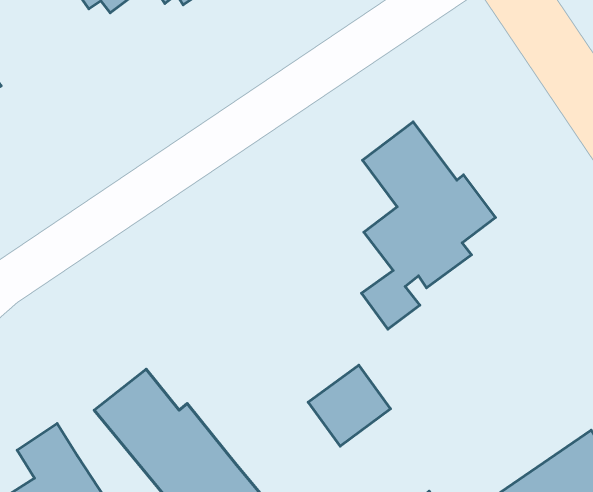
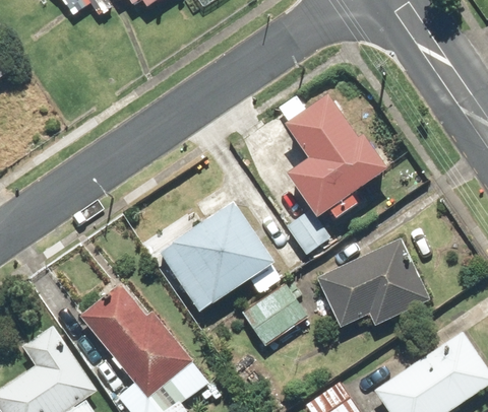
building: none -> [160,201,280,311]
building: none -> [315,239,429,325]

